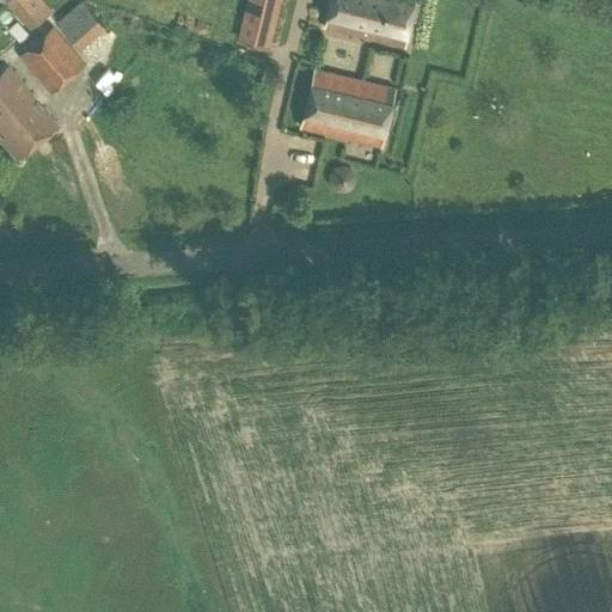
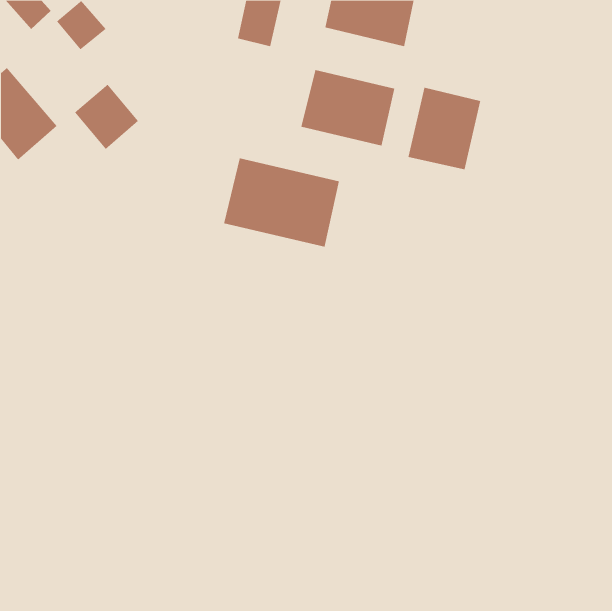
building: [19,27,84,93] -> [74,84,139,150]
building: none -> [408,87,481,170]
building: none -> [224,158,339,248]

